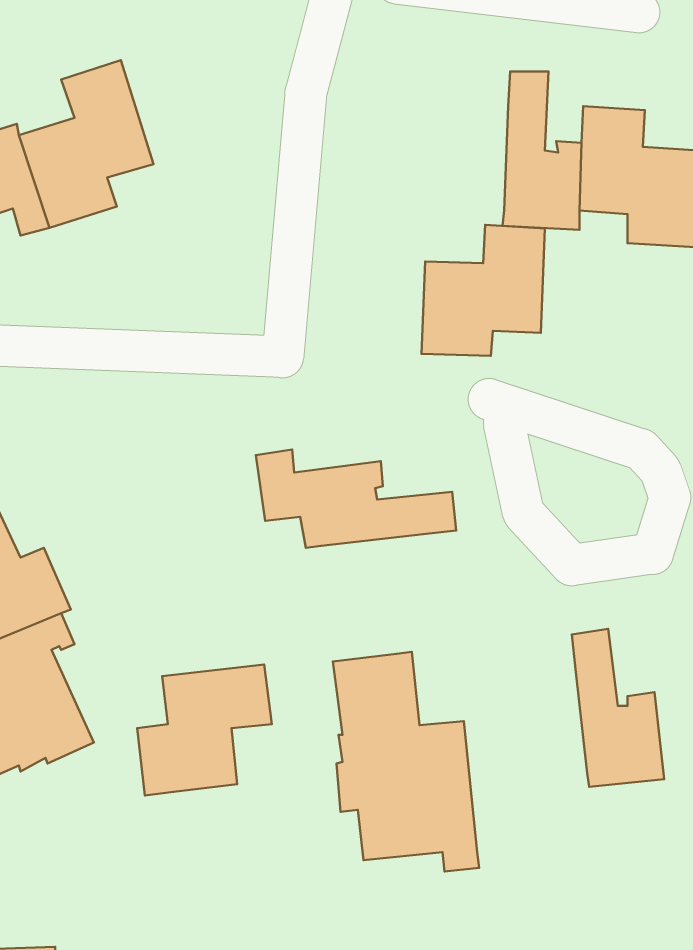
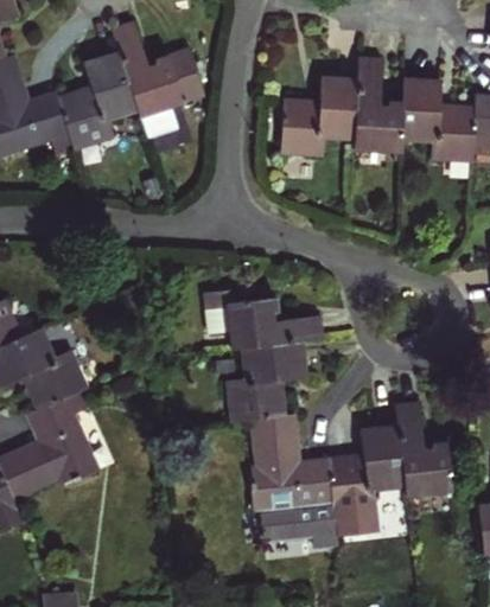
building: none -> [112,21,204,142]
building: [421,225,545,356] -> [281,76,357,156]
building: [137,665,272,796] -> [227,341,310,422]
building: none -> [330,424,406,537]

